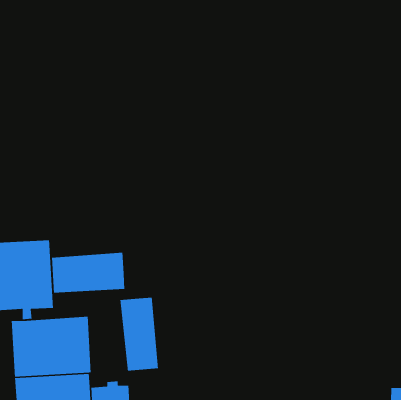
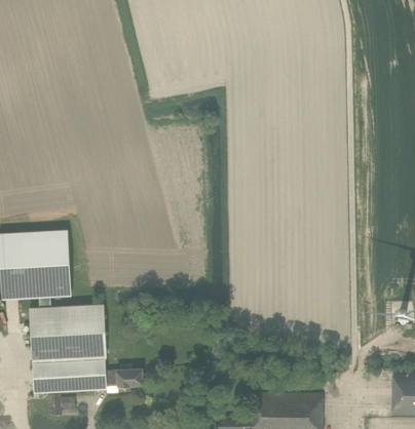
building: [51,252,125,293] -> none
building: [120,297,159,372] -> none

